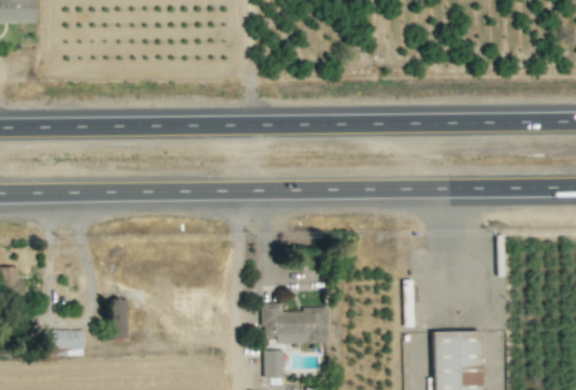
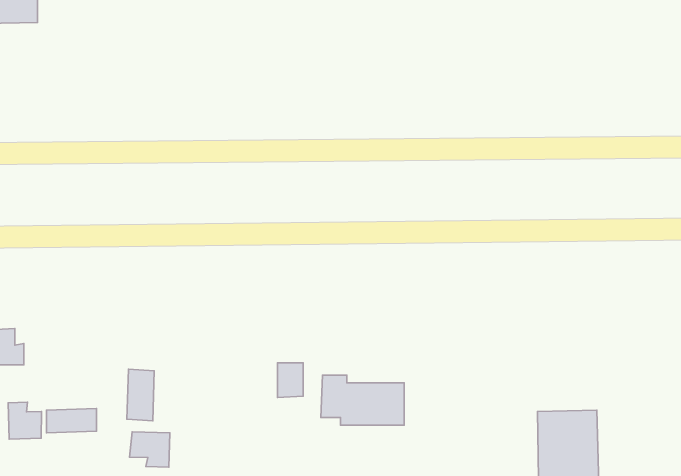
building: none -> [8,402,42,439]
building: none -> [130,432,170,467]
building: [263,350,284,378] -> [277,363,303,398]

